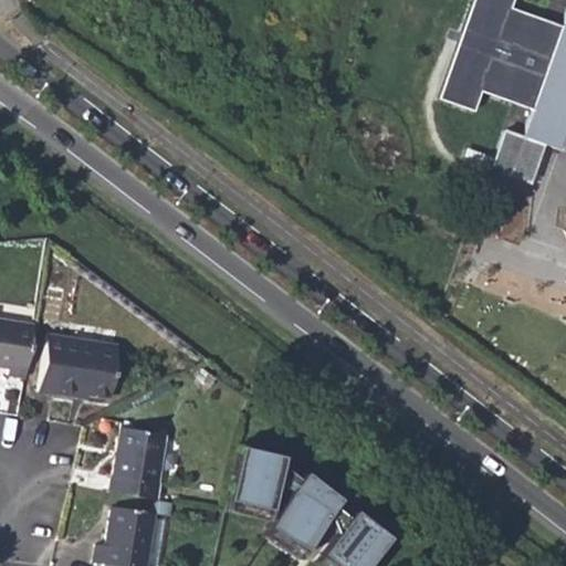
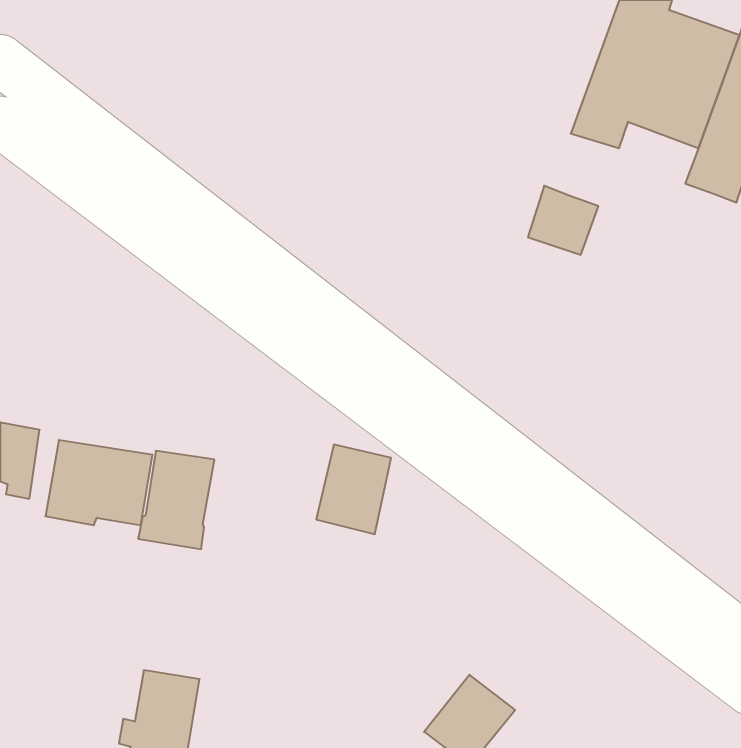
building: [491,132,544,184] -> [528,186,598,255]
building: [113,427,170,501] -> [138,451,214,549]
building: [232,446,289,513] -> [316,445,391,534]
building: [274,473,346,548] -> none

